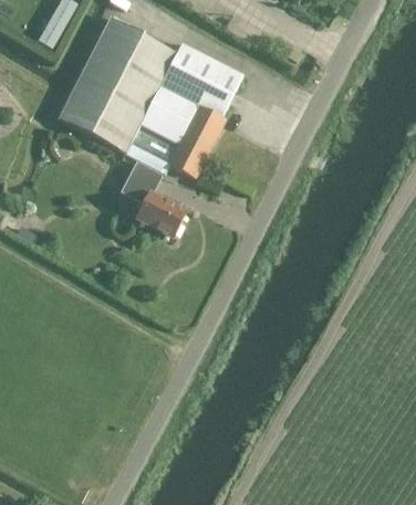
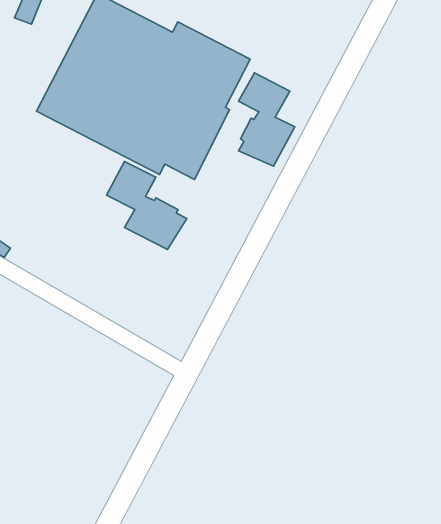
building: none -> [239,73,295,166]

